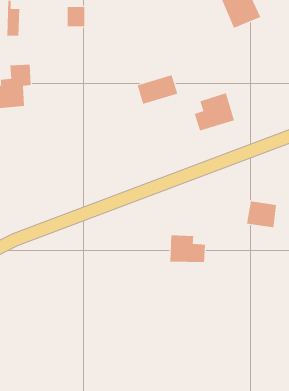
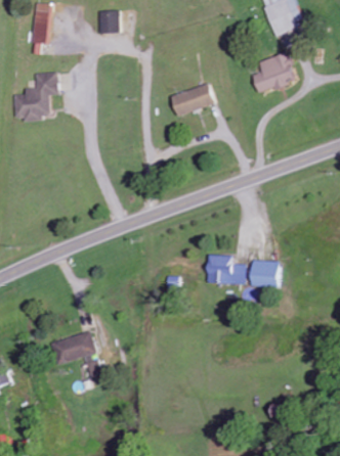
building: [194,93,235,131] -> [253,52,297,93]
building: [246,201,277,228] -> [248,260,281,288]
building: none -> [50,330,96,366]

